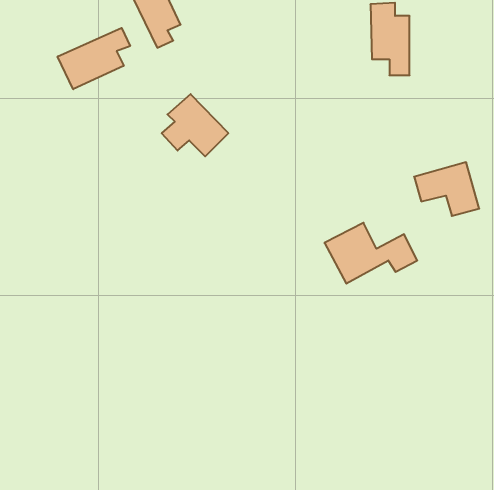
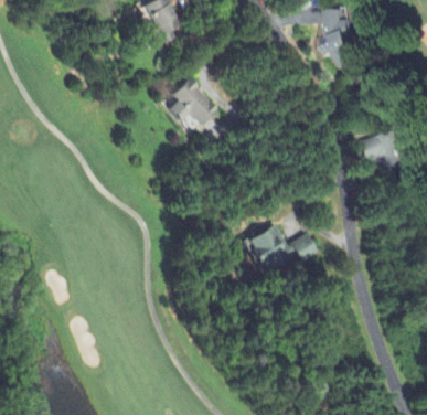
building: [58,28,130,89] -> none
building: [324,223,417,284] -> [244,224,314,270]

